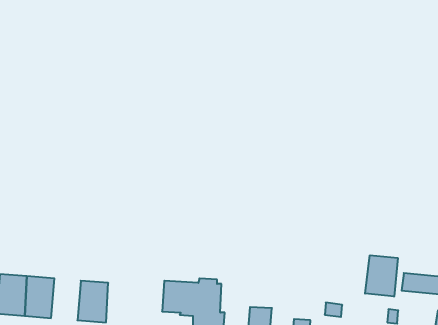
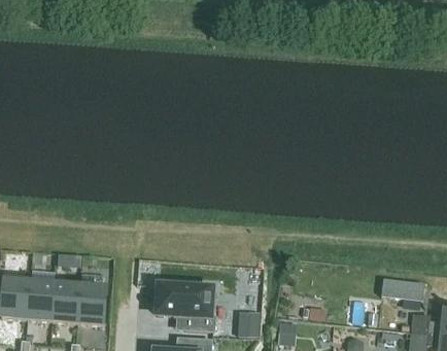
building: [365,255,398,297] -> none
building: none -> [51,283,79,322]

